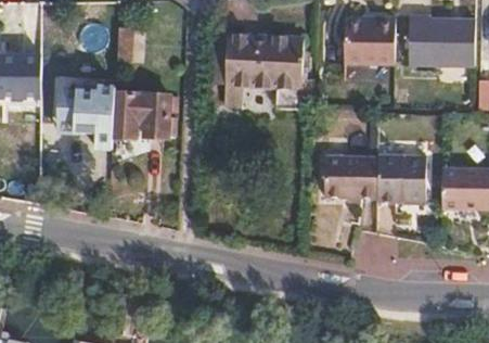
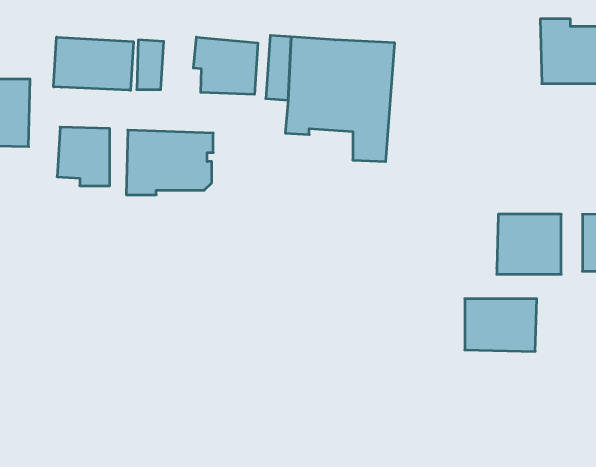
building: [347,15,397,63] -> none
building: none -> [54,37,133,90]
building: none -> [193,37,258,94]
building: [327,156,379,194] -> [465,299,537,351]

